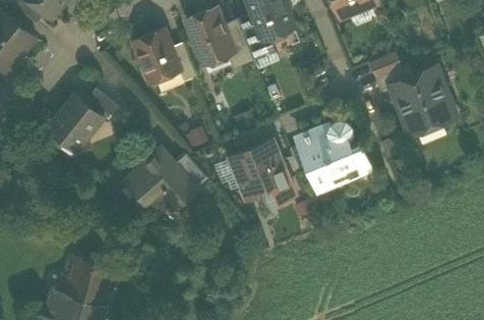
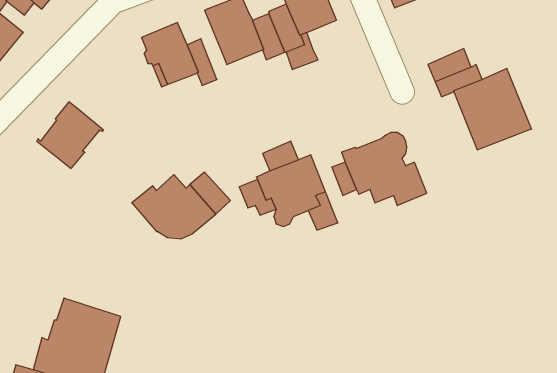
building: [82,88,119,122] -> none

